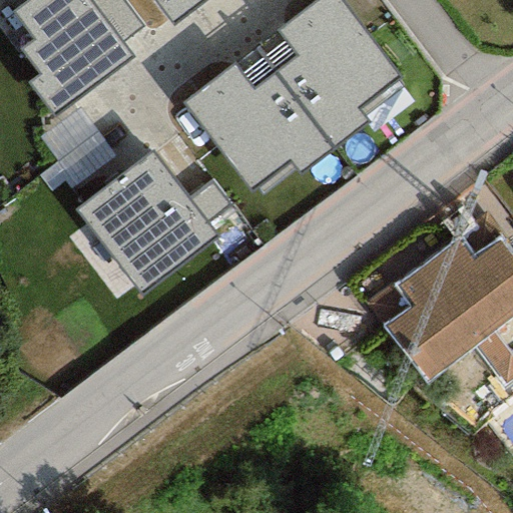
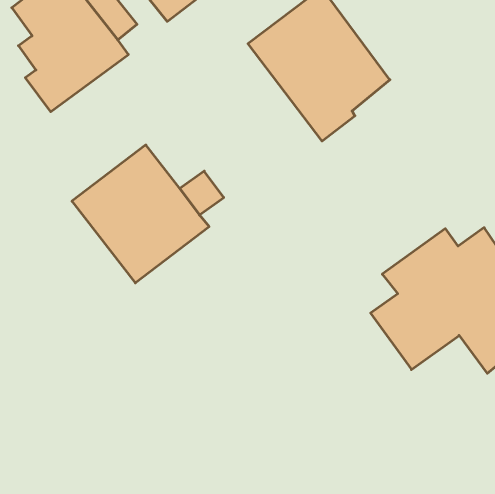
building: [184,45,334,193] -> none
building: [38,106,115,189] -> none

